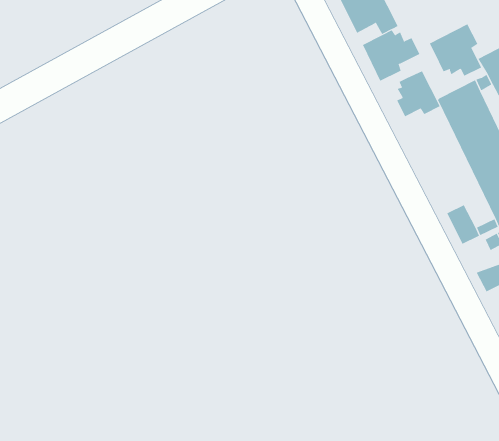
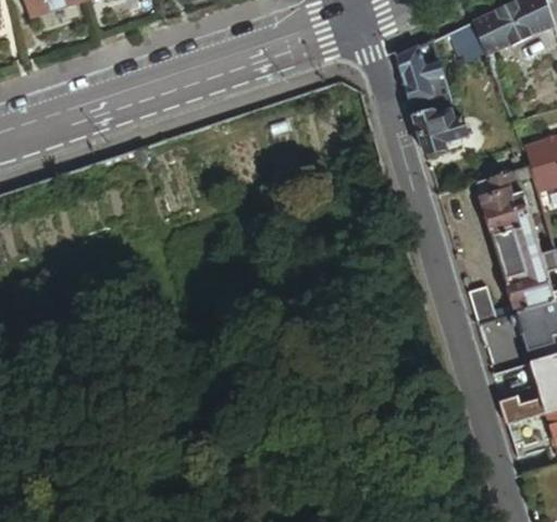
building: [429,24,482,76] -> none
building: [397,70,440,117] -> none

